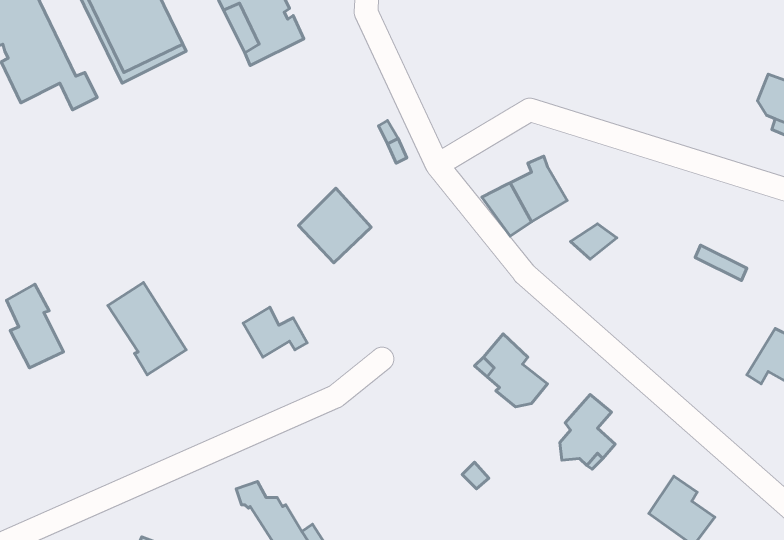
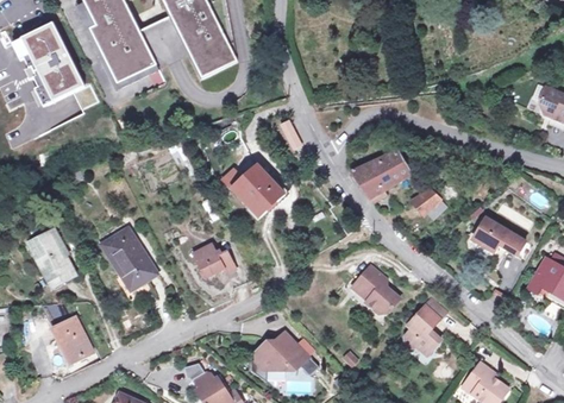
building: none -> [477,214,529,252]
building: none -> [42,304,90,364]
building: none -> [256,329,324,378]

